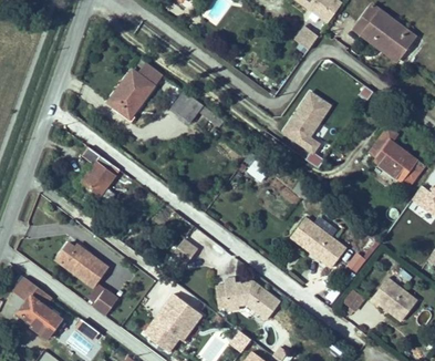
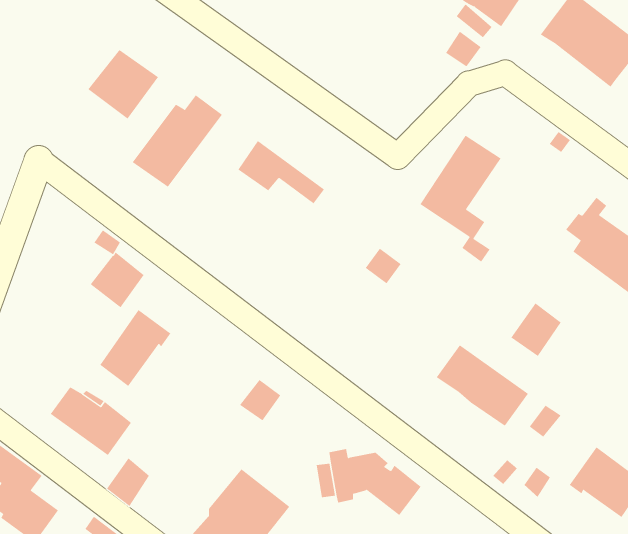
building: none -> [88,49,159,119]
building: none -> [510,302,561,357]
building: none -> [99,309,171,387]

